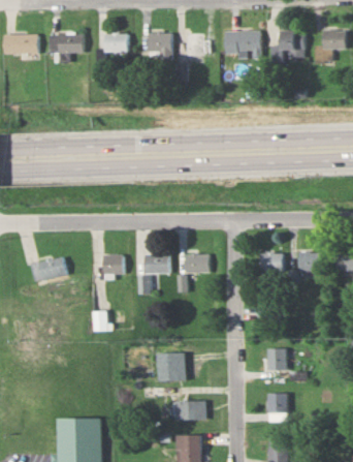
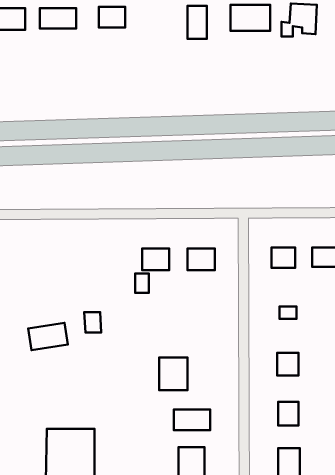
building: [149,33,171,52] -> none
building: [103,254,123,275] -> none
building: [31,256,67,281] -> [28,323,68,350]

